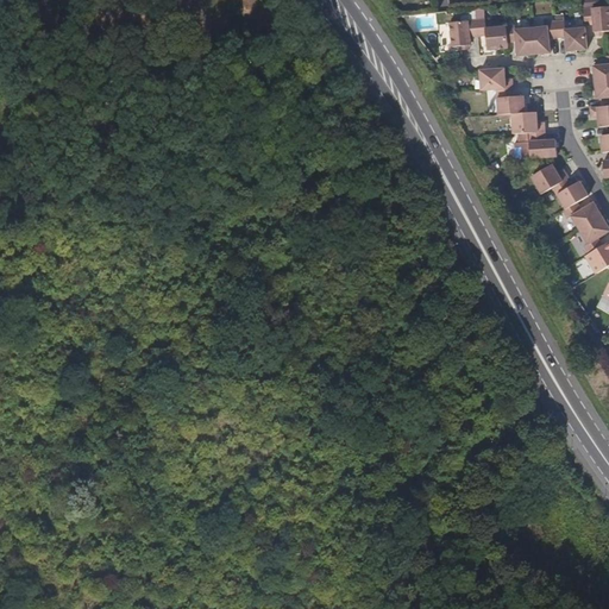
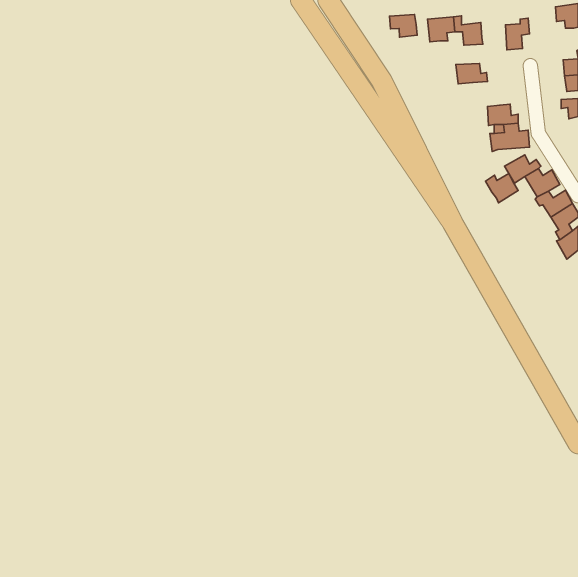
building: none -> [390,15,417,37]
building: [555,20,588,50] -> none
building: [506,25,533,55] -> none
building: [497,87,526,113] -> none
building: none -> [485,174,518,203]

